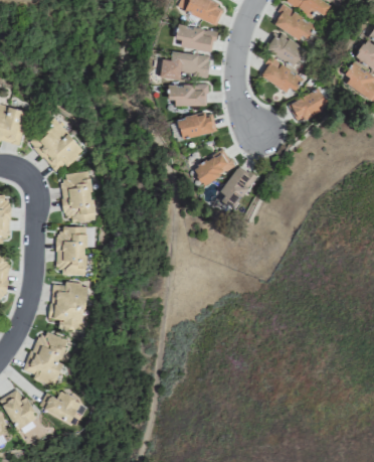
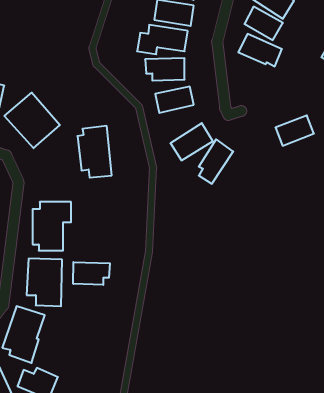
building: [291,90,329,120] -> [275,115,314,146]
building: [60,171,95,222] -> [77,126,112,178]
building: none -> [73,262,110,285]

